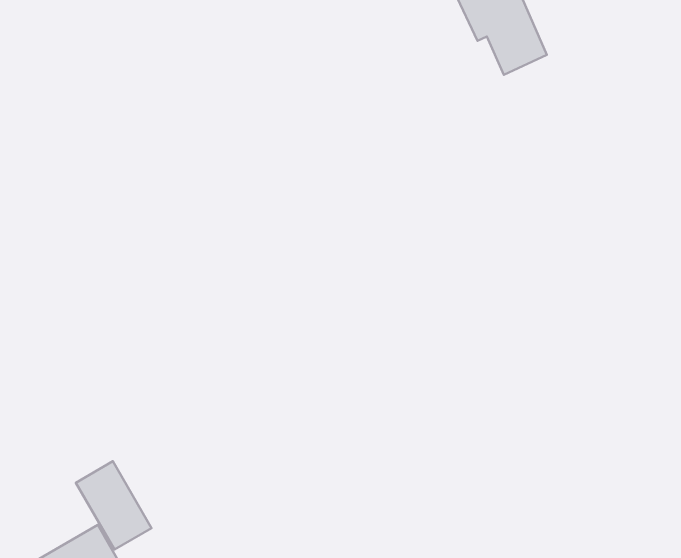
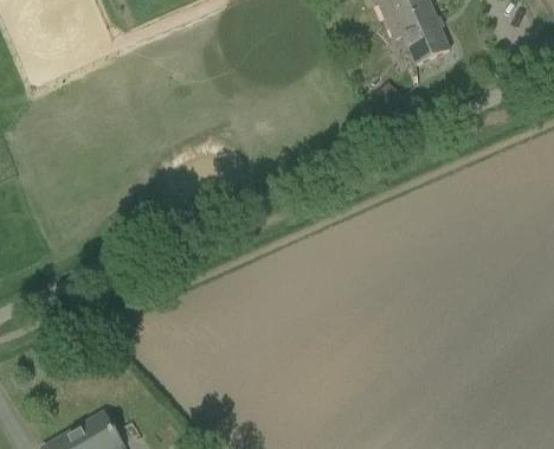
building: [76,461,152,550] -> none

